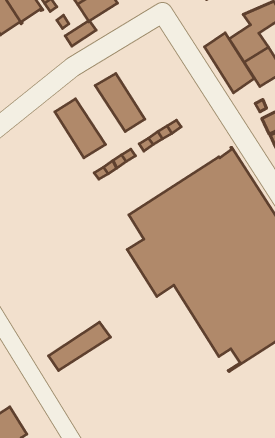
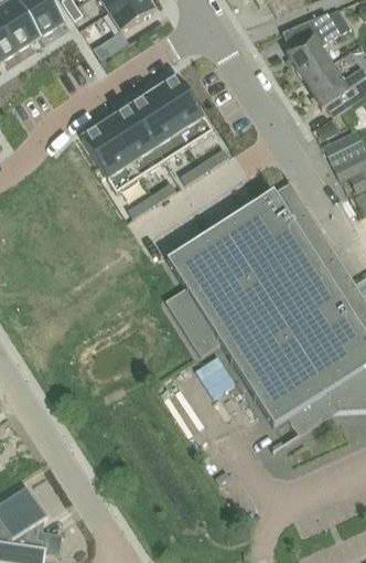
building: [205,33,254,93] -> [152,76,211,147]
building: none -> [105,107,163,177]
building: [48,322,110,371] -> none

